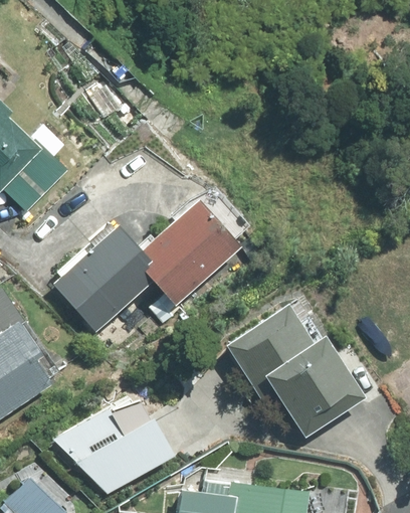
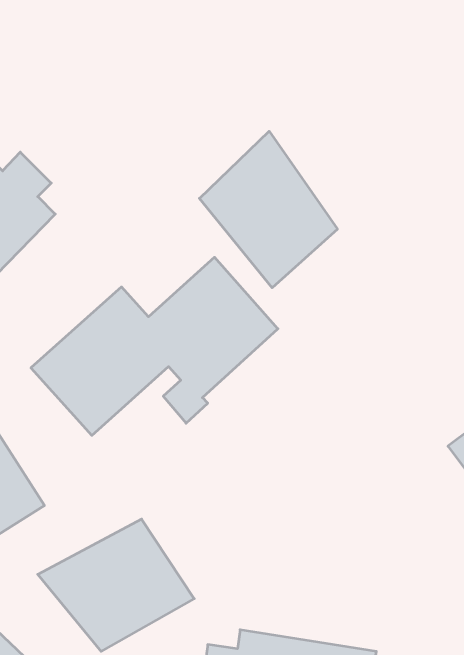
building: none -> [199,131,337,288]
building: [223,303,365,437] -> none

